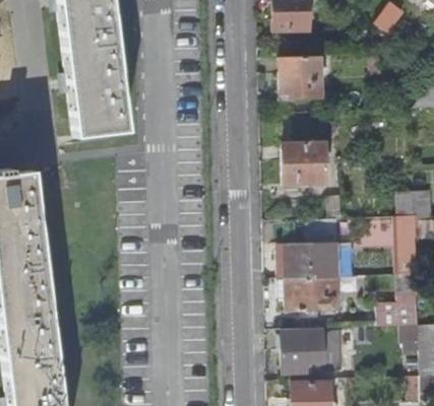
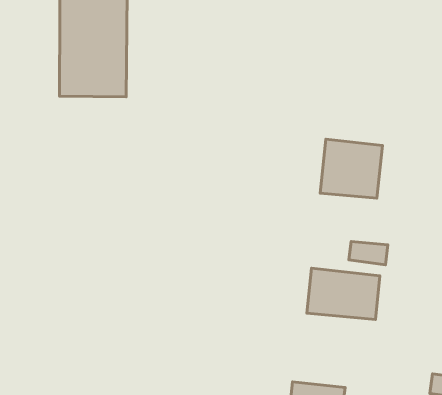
building: [281,56,323,98] -> none
building: [287,275,339,311] -> none

